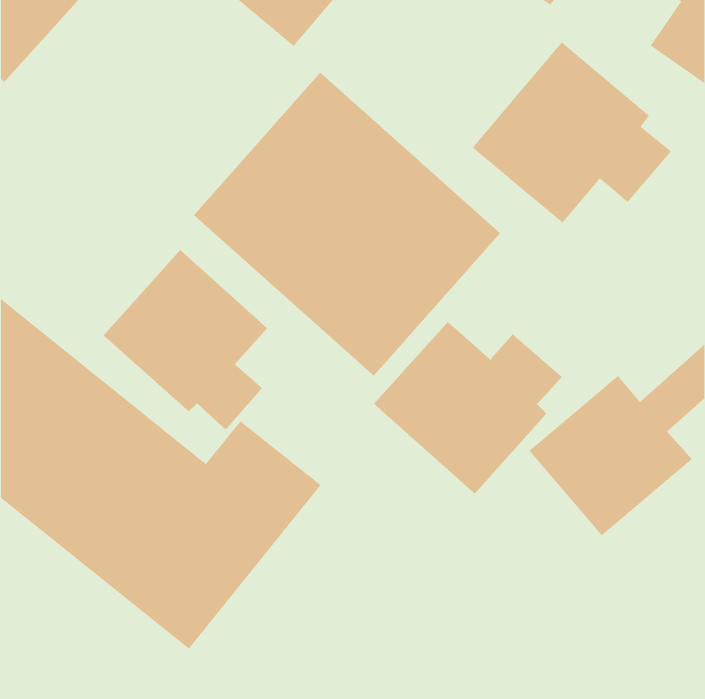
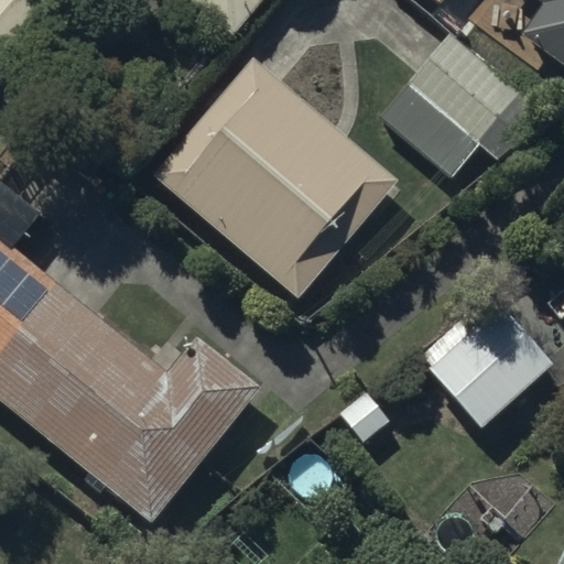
building: [103,249,268,430] -> none
building: [373,321,563,495] -> none

